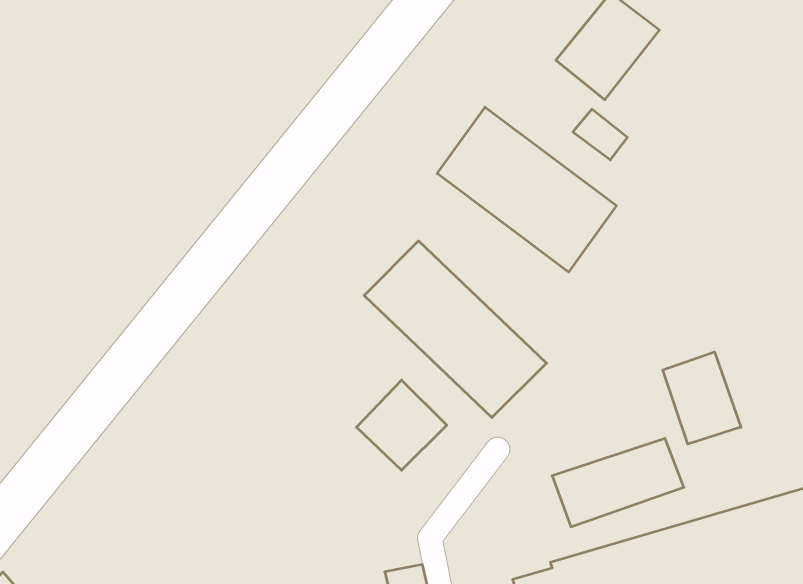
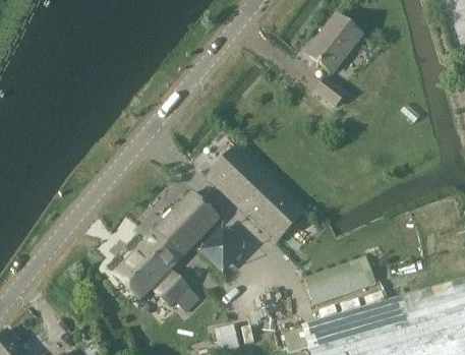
building: [437,107,616,272] -> none
building: none -> [113,191,220,311]
building: [663,352,741,444] -> none

